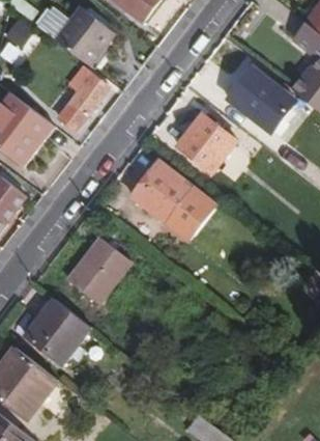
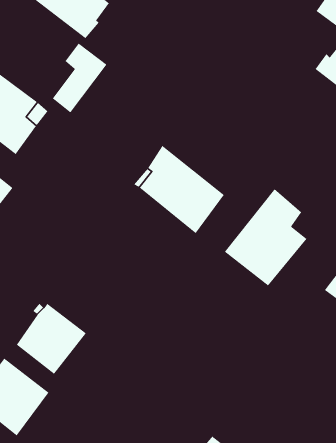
building: [226,66,292,132] -> none
building: [176,113,238,171] -> none
building: none -> [224,188,307,286]
building: [60,240,126,311] -> none

